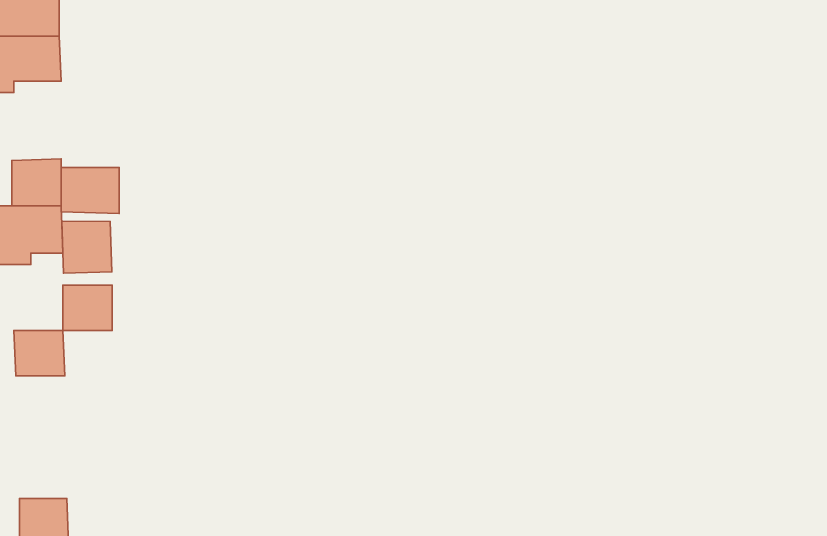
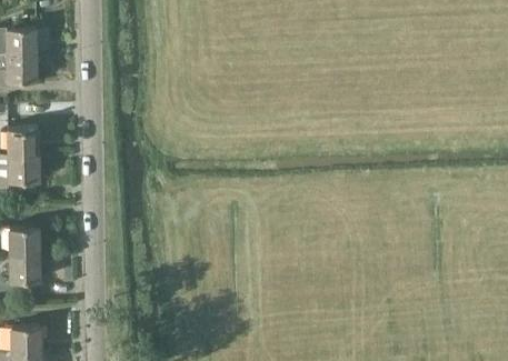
building: [61,168,119,214] -> none
building: [62,221,112,273] -> none
building: [63,285,112,330] -> [11,255,40,282]

